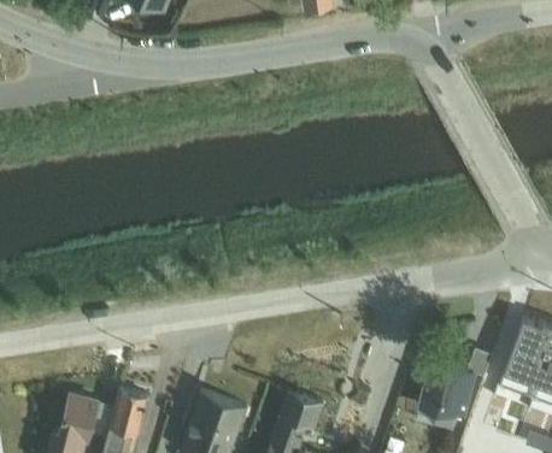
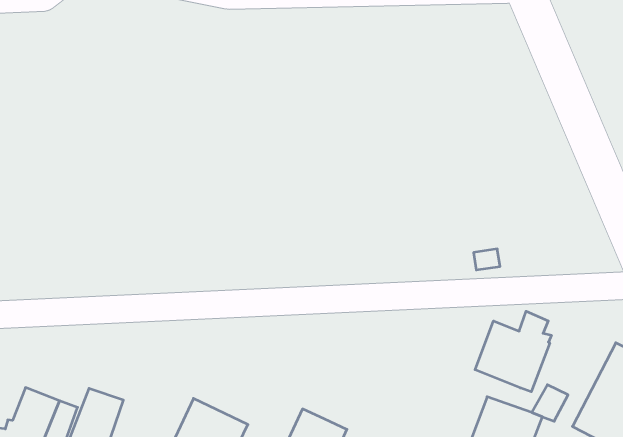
building: none -> [475,311,551,392]

